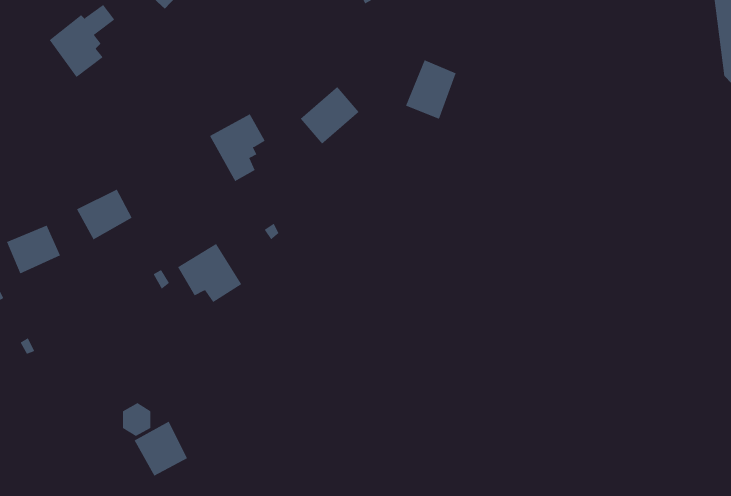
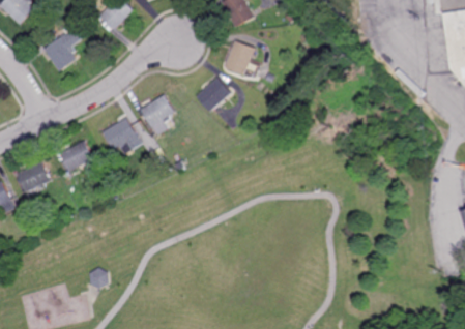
building: [405,60,457,119] -> [223,40,254,77]
building: [177,243,242,303] -> [103,117,142,153]
building: [134,421,188,476] -> none

